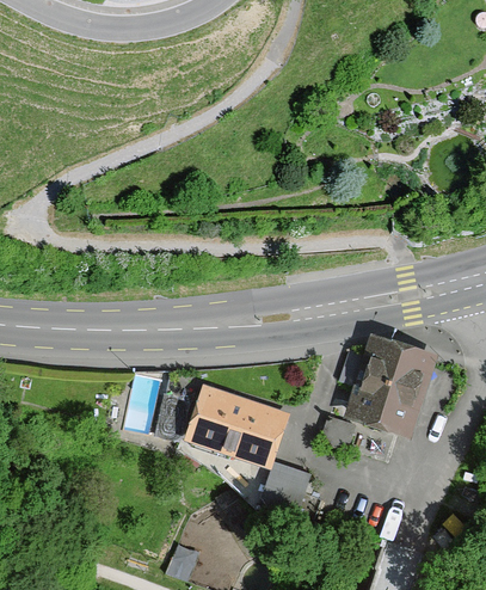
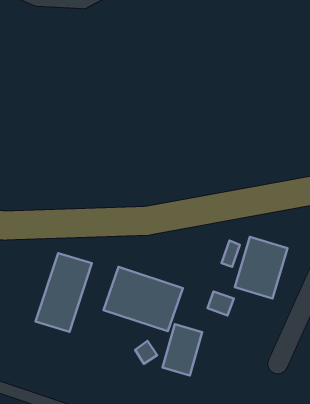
building: none -> [36,253,92,332]

